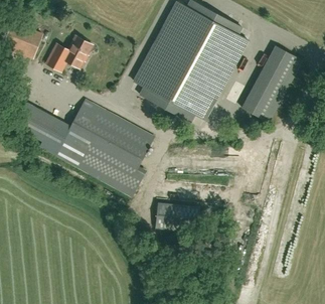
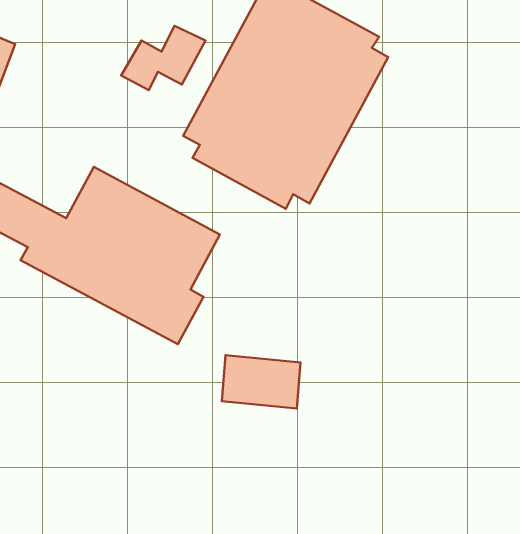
building: [45,35,92,70] -> [121,26,205,90]
building: [241,45,302,123] -> none

